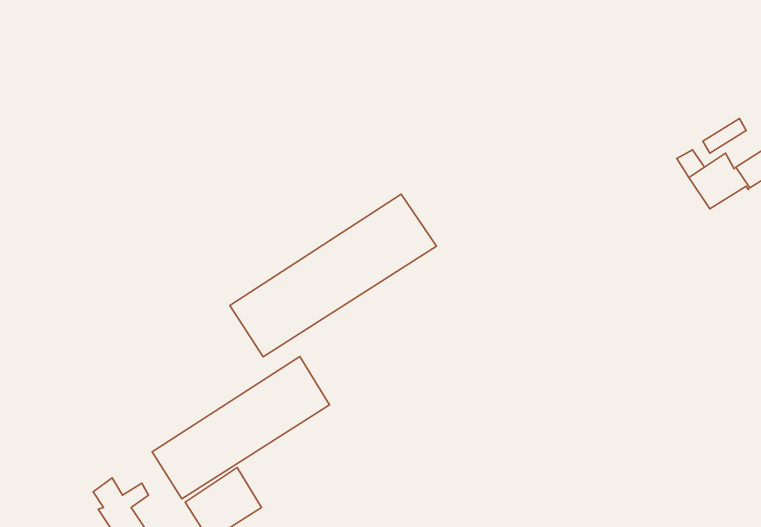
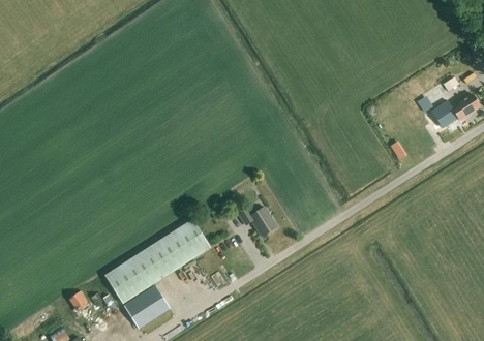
building: [230,194,436,357] -> none
building: none -> [238,206,277,236]

